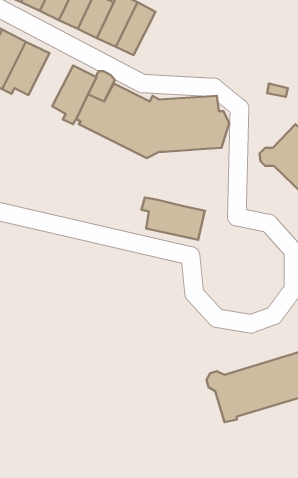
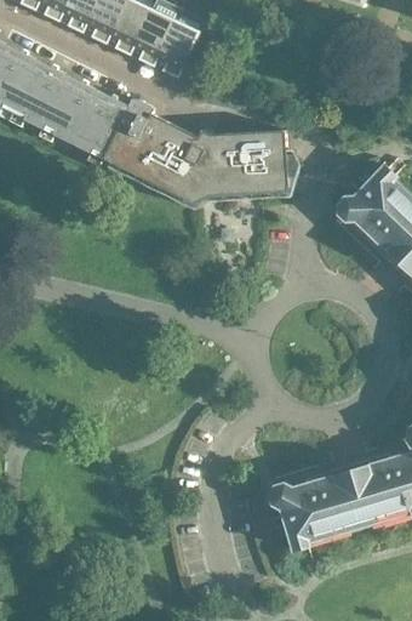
building: none -> [33,73,95,141]
building: [142,197,205,240] -> none

